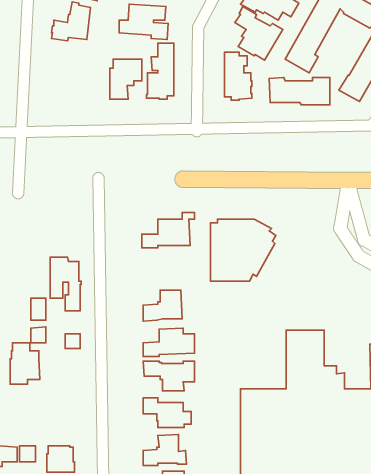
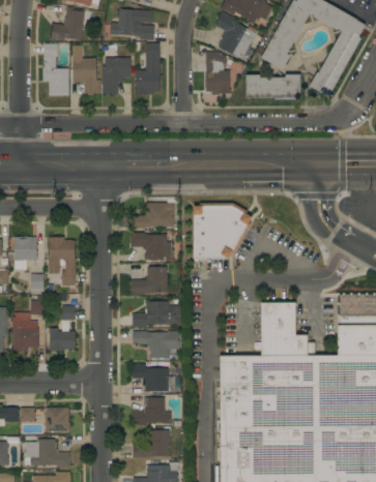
building: none -> [44,44,69,96]
building: none -> [74,46,102,95]
building: none -> [131,233,172,261]
building: none -> [13,237,37,270]
building: none -> [50,328,76,351]

